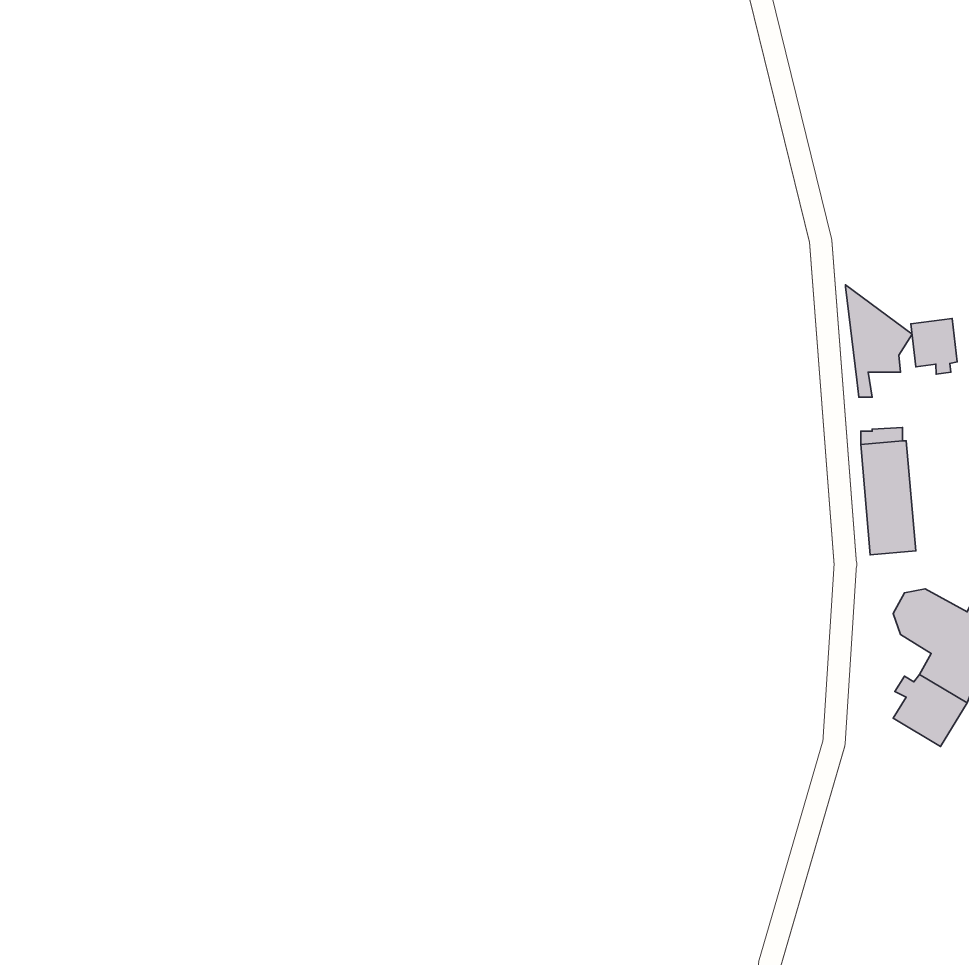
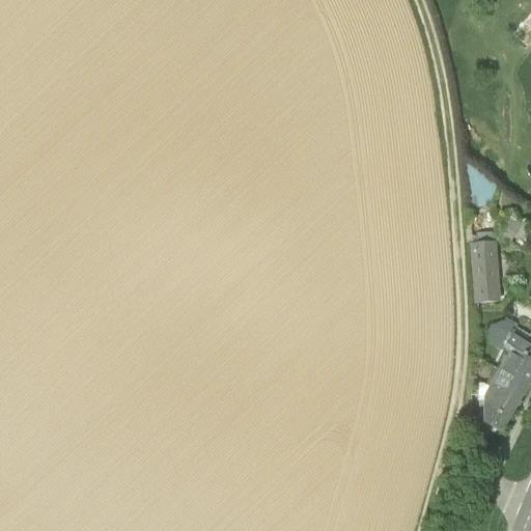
building: [911,319,957,374] -> none
building: none -> [478,392,514,430]

